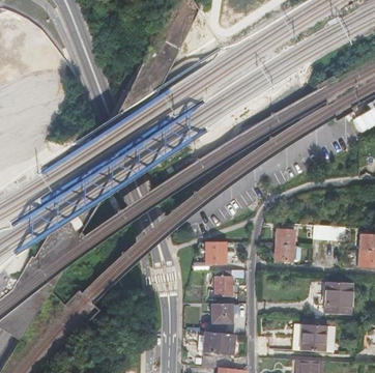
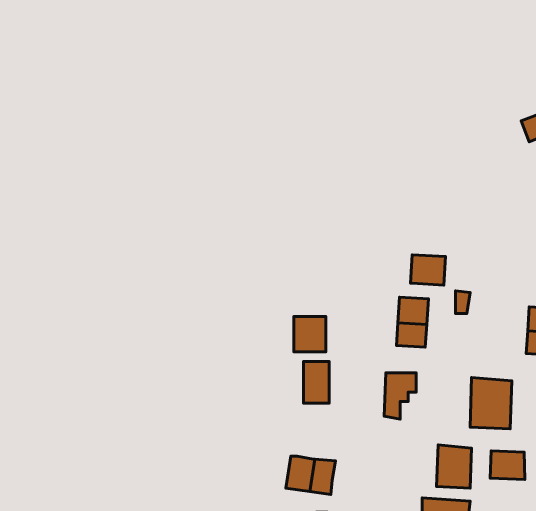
building: none -> [411,255,445,285]
building: [211,304,232,334] -> [384,373,416,419]
building: none -> [490,451,525,480]

